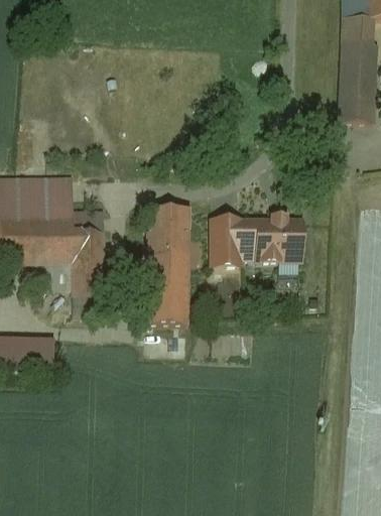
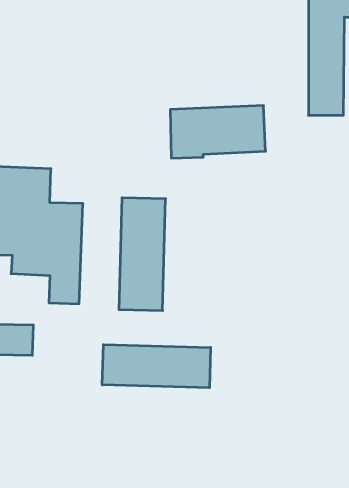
building: [212,212,310,266] -> [170,106,266,158]
building: none -> [102,345,211,388]

